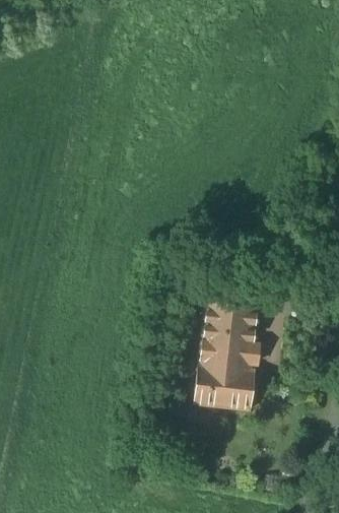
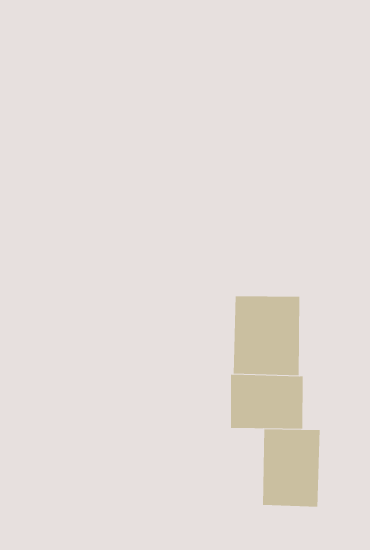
building: none -> [263,429,320,507]

